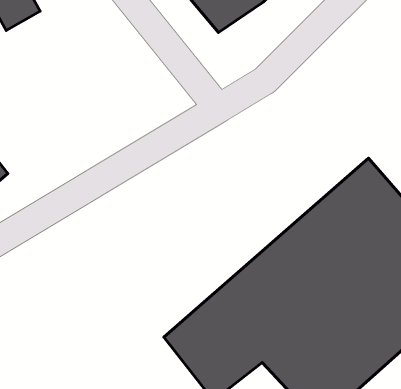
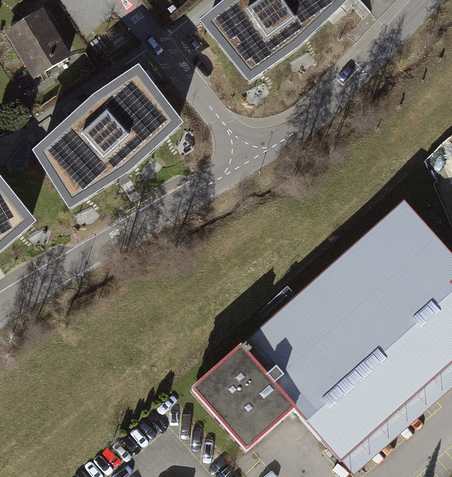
building: none -> [36,62,185,205]

